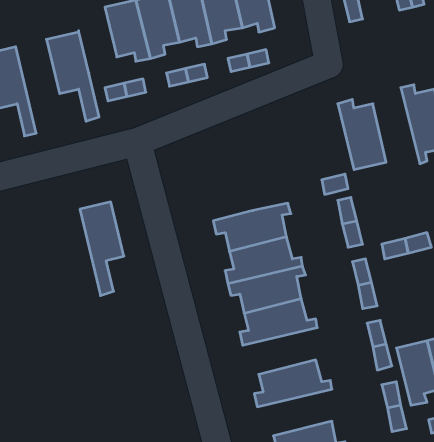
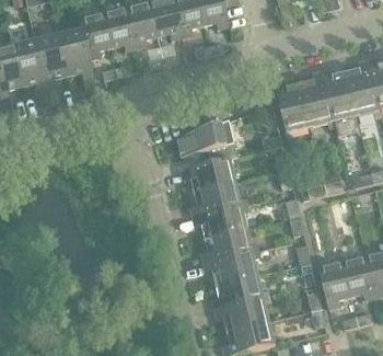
building: none -> [78,9,109,58]
building: none -> [301,69,336,127]
building: none -> [177,118,239,161]
building: [80,202,124,296] -> [34,33,67,103]
building: none -> [204,249,262,284]
building: none -> [214,295,272,330]

